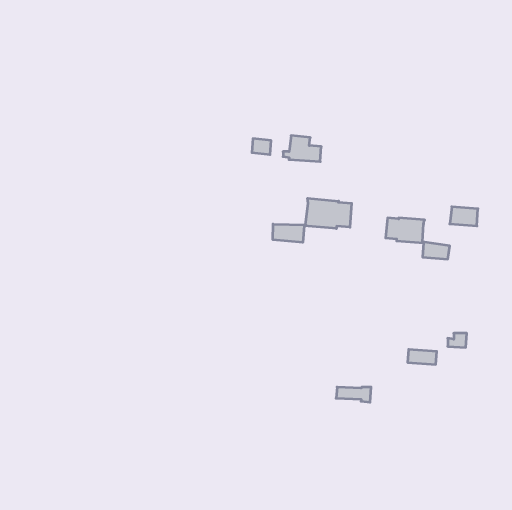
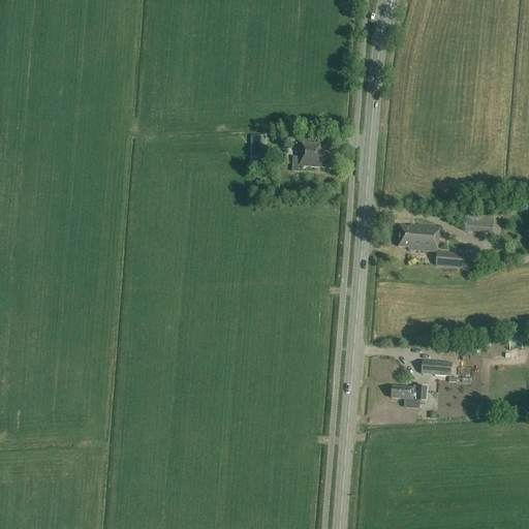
building: [273,198,352,242] -> none
building: [336,387,371,402] -> [390,385,426,401]

